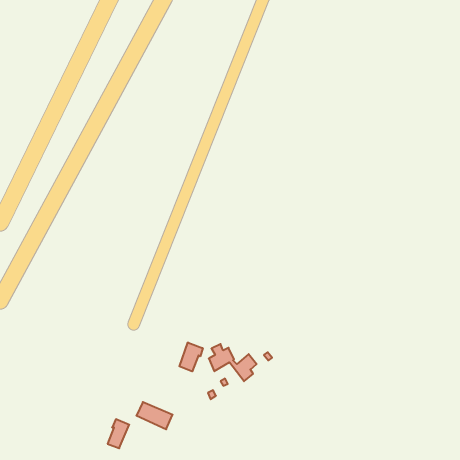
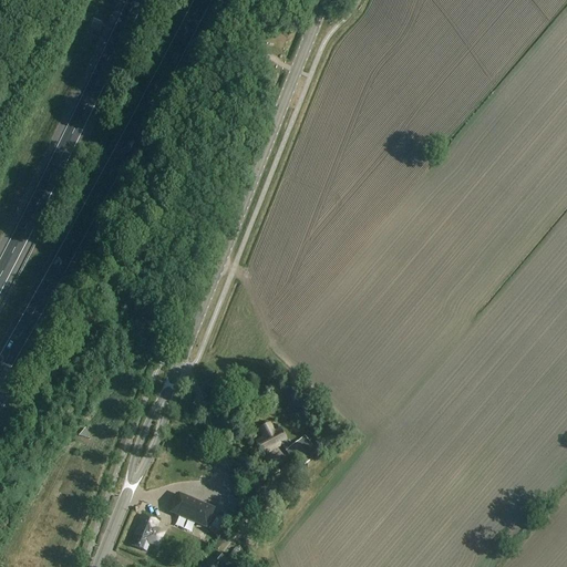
building: [179,342,203,371] -> none

